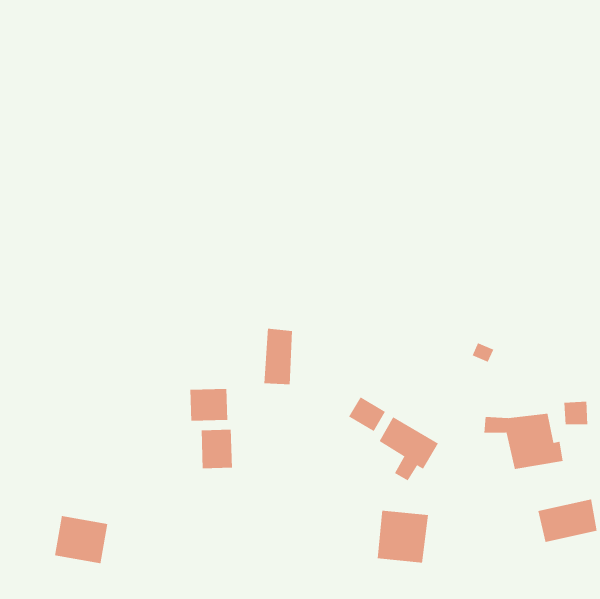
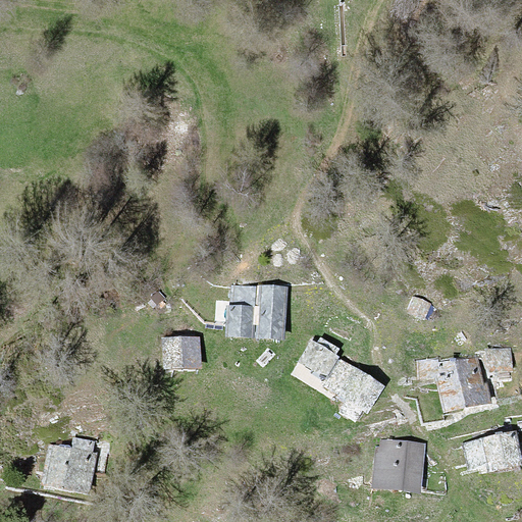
building: none -> [258,286,286,335]
building: [201,429,232,469] -> none
building: [377,510,429,563] -> [378,440,423,486]

